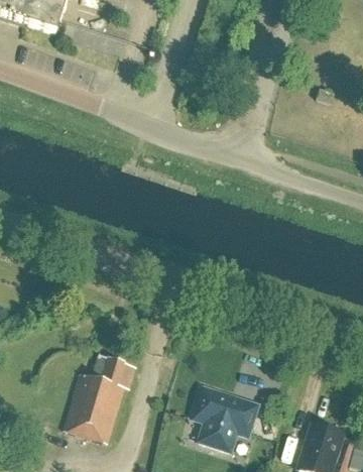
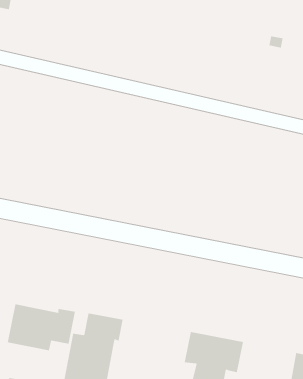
building: none -> [7,303,75,351]

